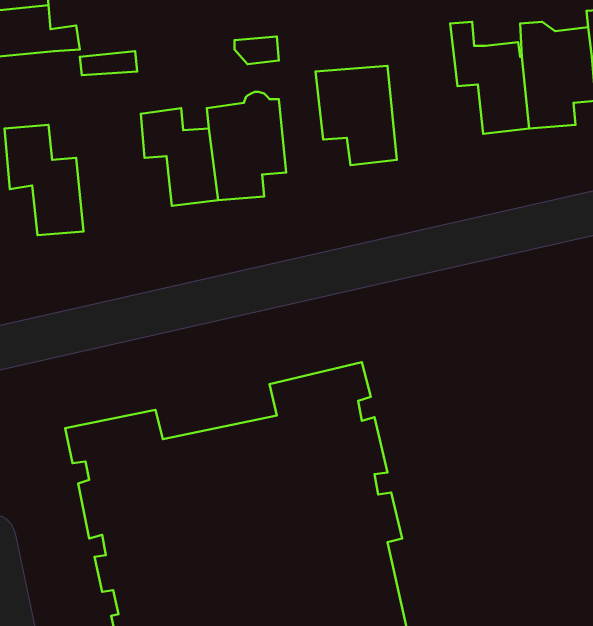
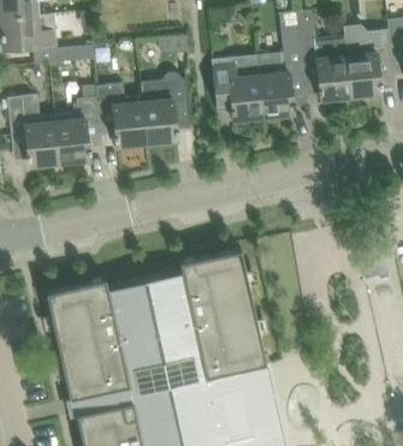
building: none -> [259,29,306,118]
building: none -> [55,88,101,165]

